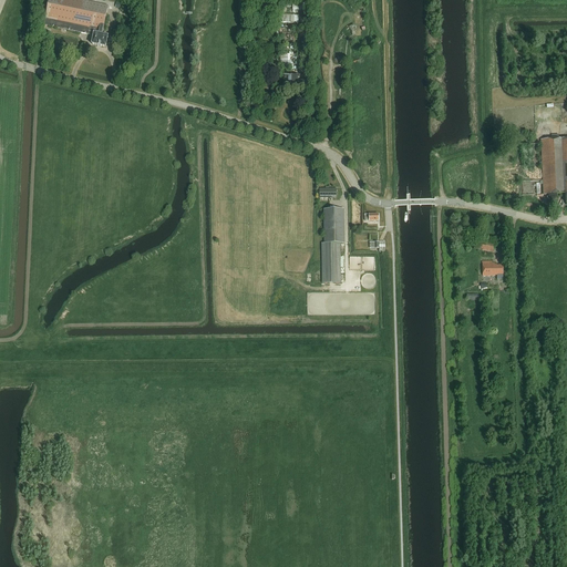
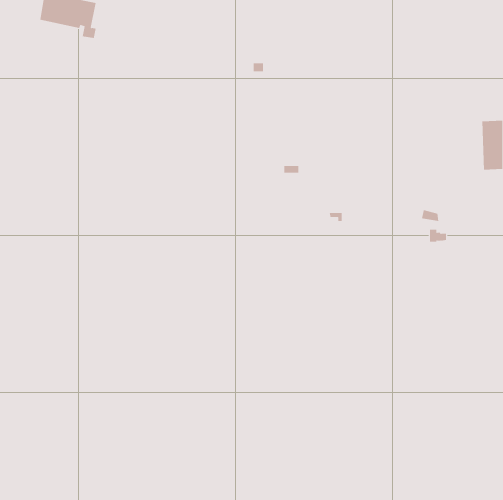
building: [322,206,344,279] -> none

